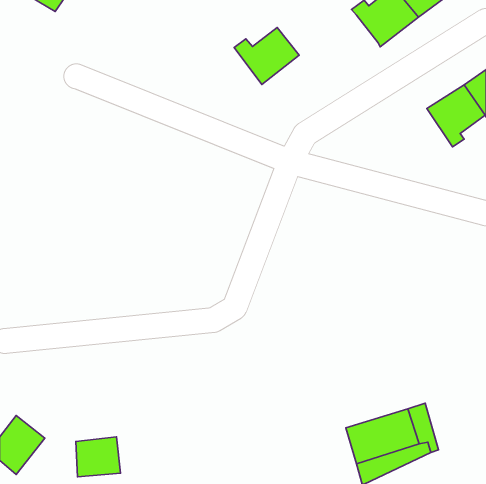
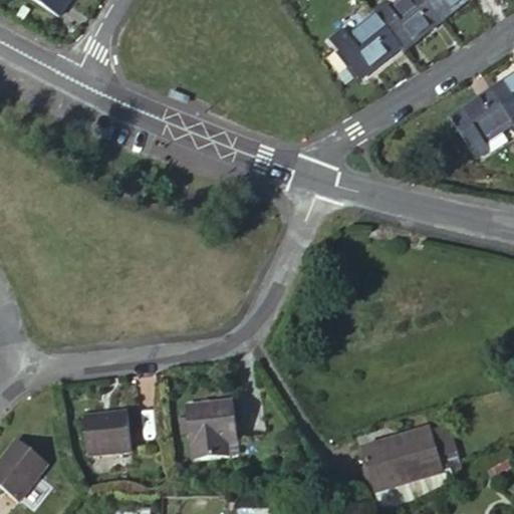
building: [234,27,299,85] -> [330,16,399,76]
building: none -> [186,400,237,444]
building: [76,437,120,477] -> [83,411,131,453]

